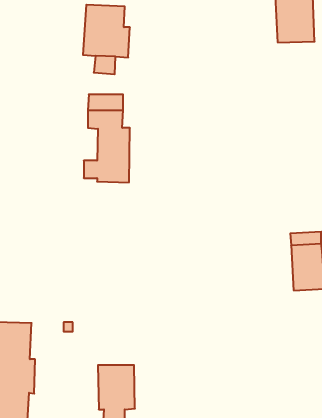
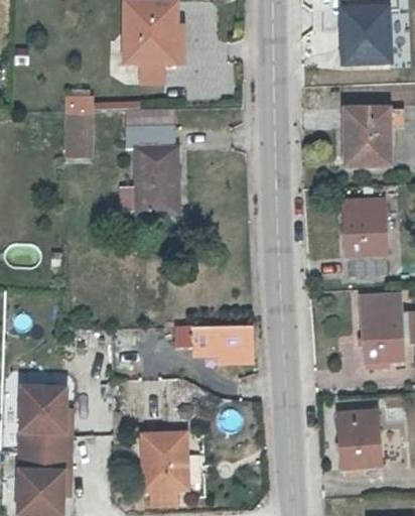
building: none -> [356,102,400,157]
building: none -> [60,105,88,155]
building: none -> [356,197,390,269]
building: none -> [173,333,256,371]
building: none -> [354,405,390,457]

